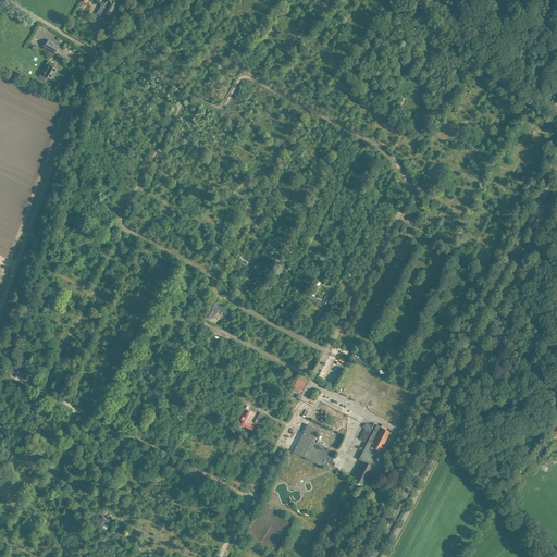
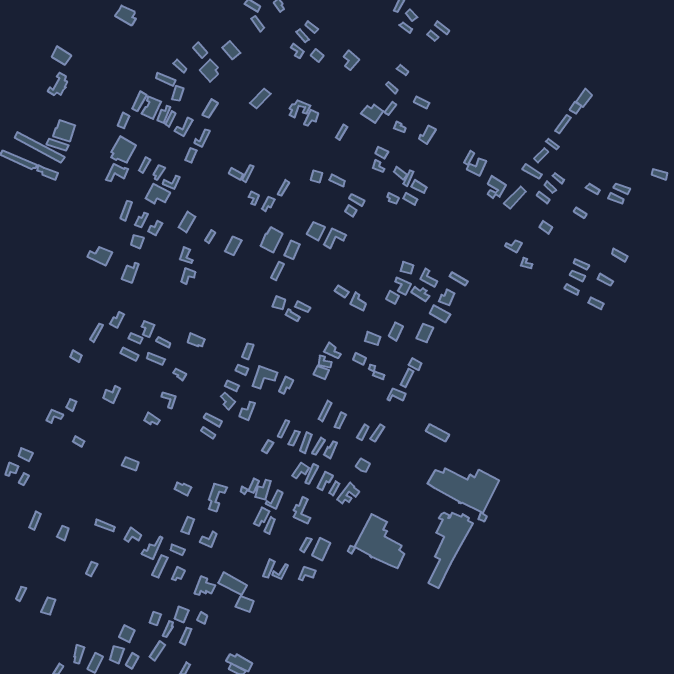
building: none -> [427,468,499,522]

